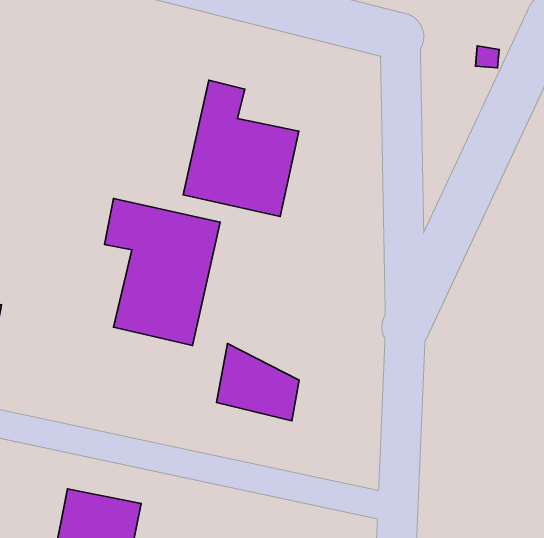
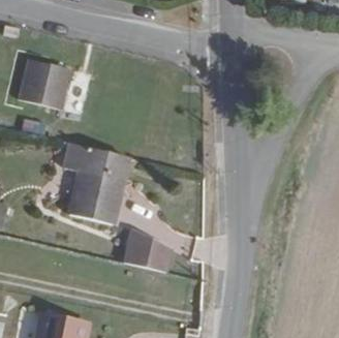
building: none -> [21,57,74,111]
building: [183,80,299,217] -> none

